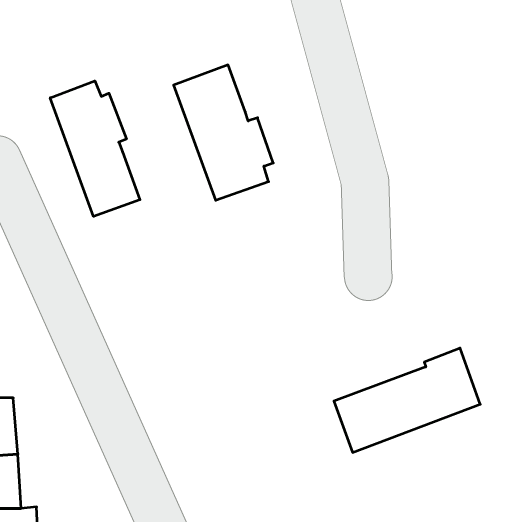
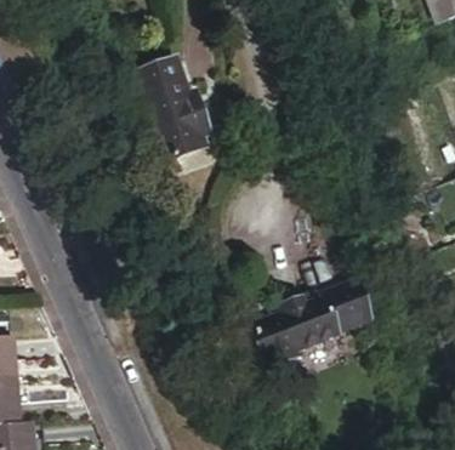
building: [50,81,140,216] -> none

